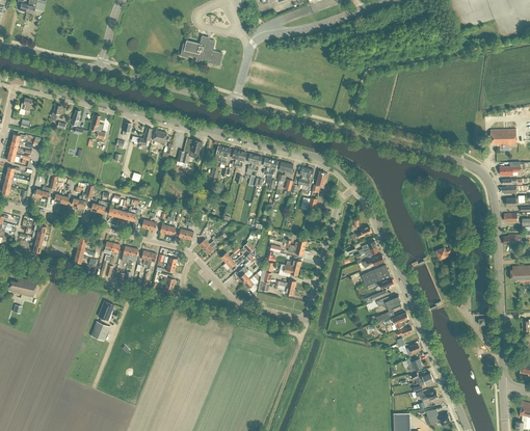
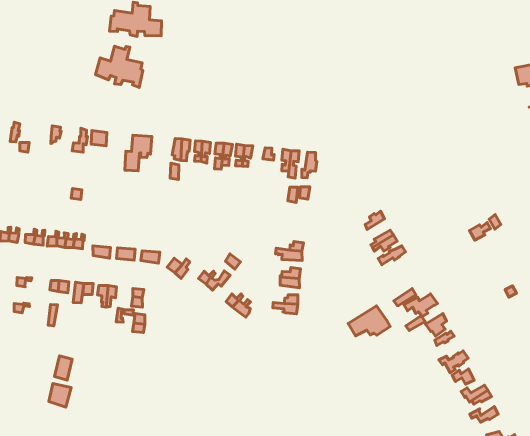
building: none -> [95,46,143,88]
building: [361,266,393,289] -> [348,306,390,336]

